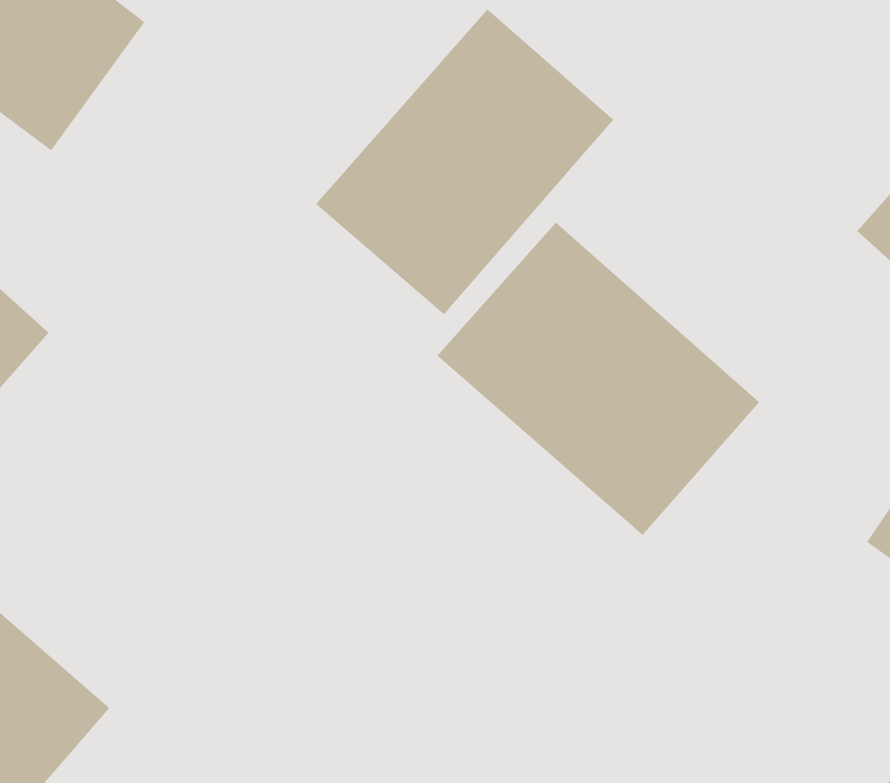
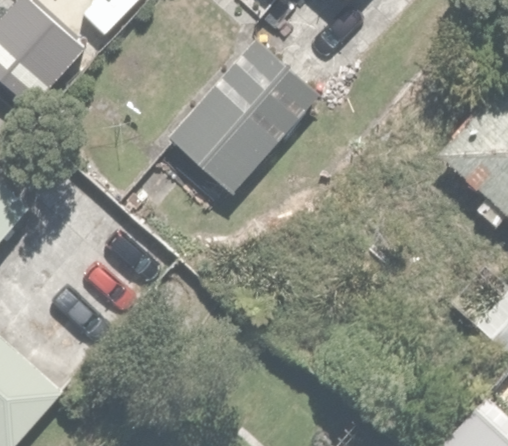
building: [436,222,760,536] -> none

